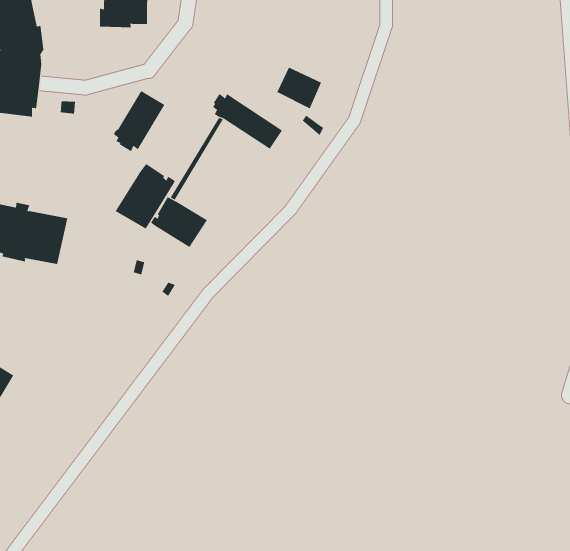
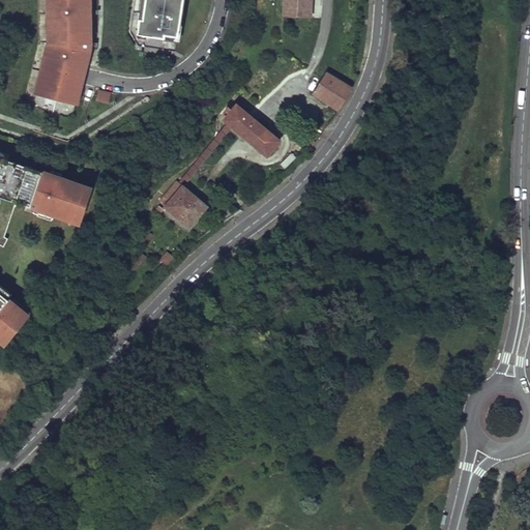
building: [277,67,322,109] -> [312,71,350,109]
building: [113,90,165,152] -> none
building: [115,163,175,230] -> none

